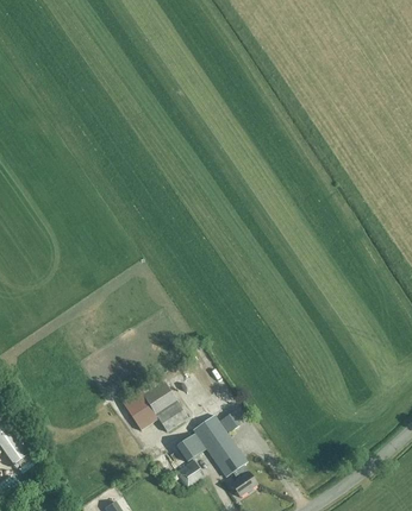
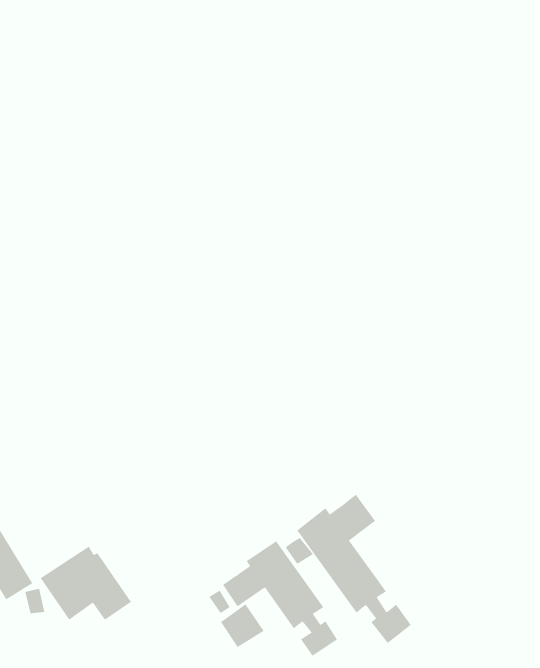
building: [120,377,185,429] -> [40,546,132,621]
building: none -> [297,494,411,644]

